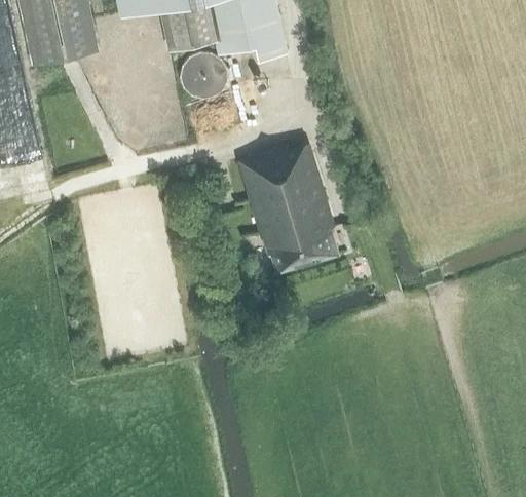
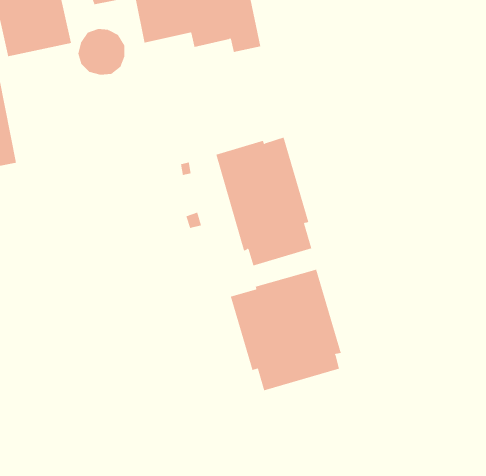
building: [180,51,227,98] -> [77,28,125,75]
building: none -> [230,269,342,391]

